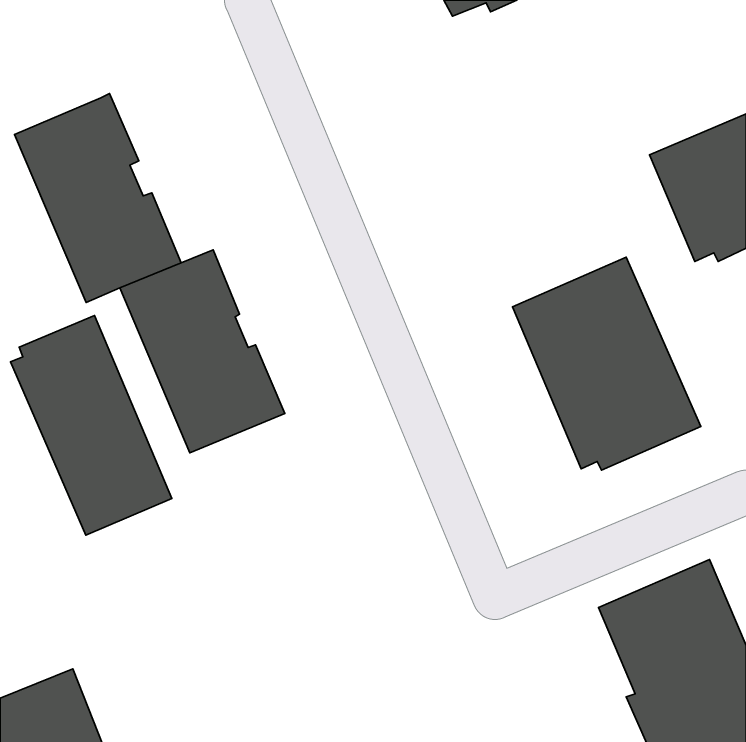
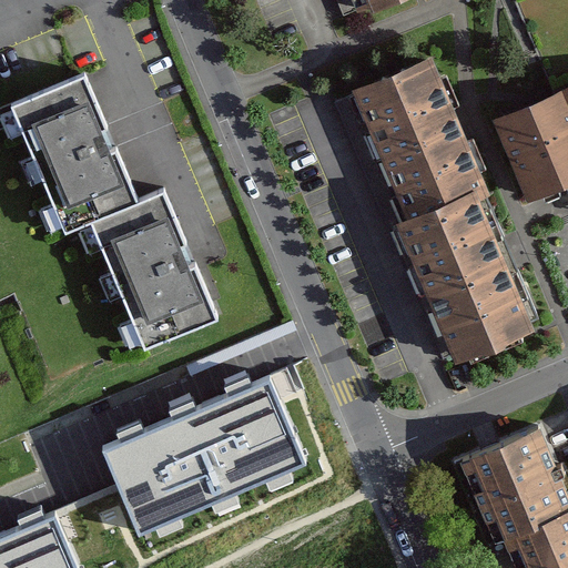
building: none -> [334,58,489,236]
building: [11,315,172,535] -> none
building: none -> [103,377,304,530]

